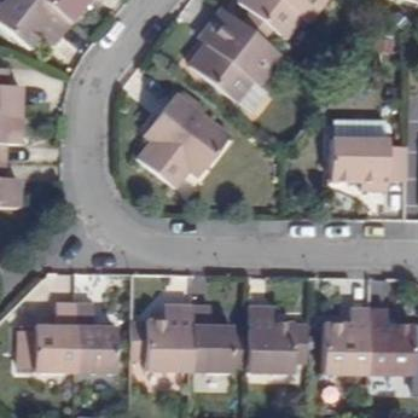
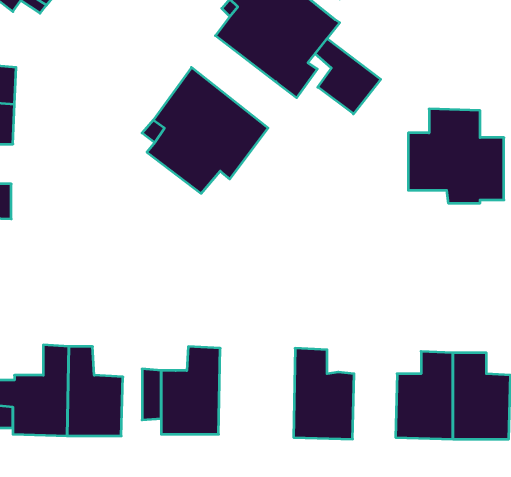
building: none -> [315,38,381,114]
building: [190,303,231,372] -> none

